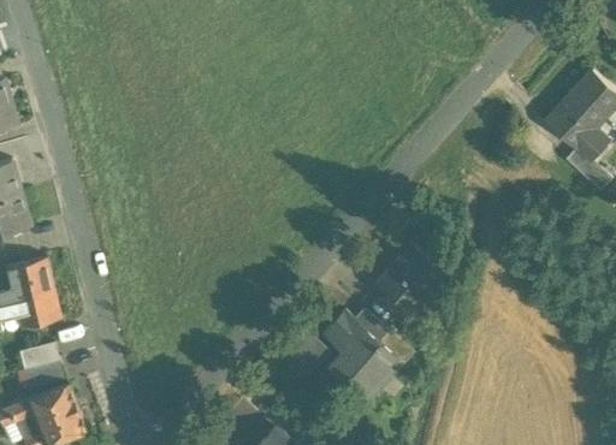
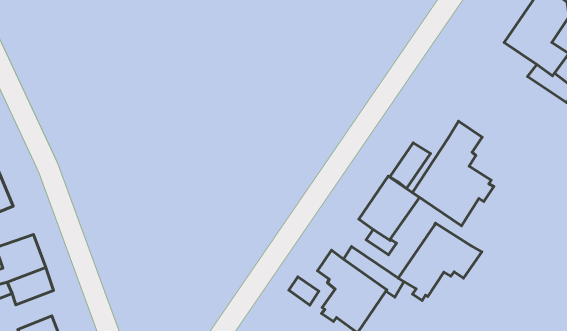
building: none -> [412,121,494,226]
building: none -> [390,143,430,189]
building: none -> [398,223,482,301]

